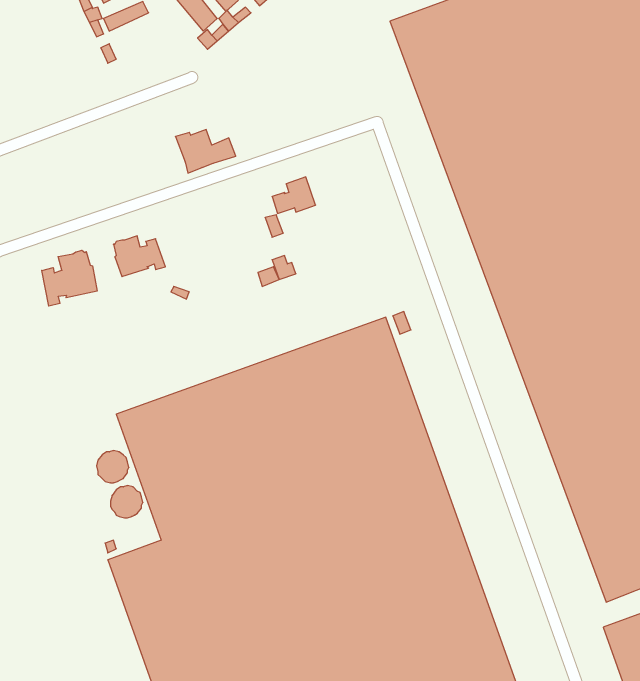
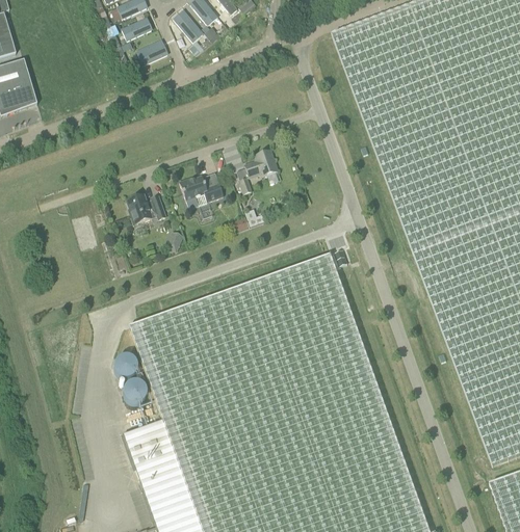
building: none -> [137,38,171,65]
building: [175,130,236,173] -> [179,176,224,208]
building: [42,250,97,306] -> none

